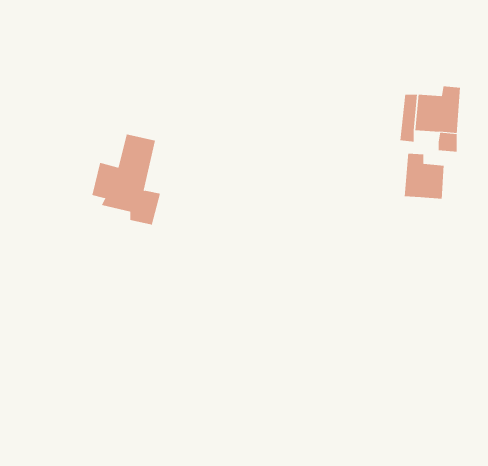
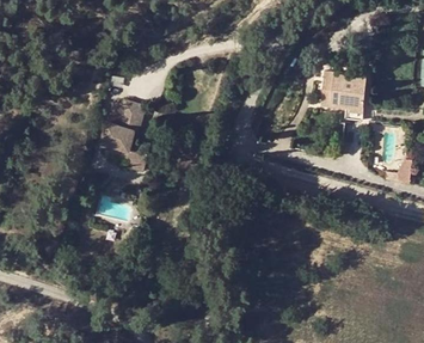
building: [404,153,444,200] -> none

